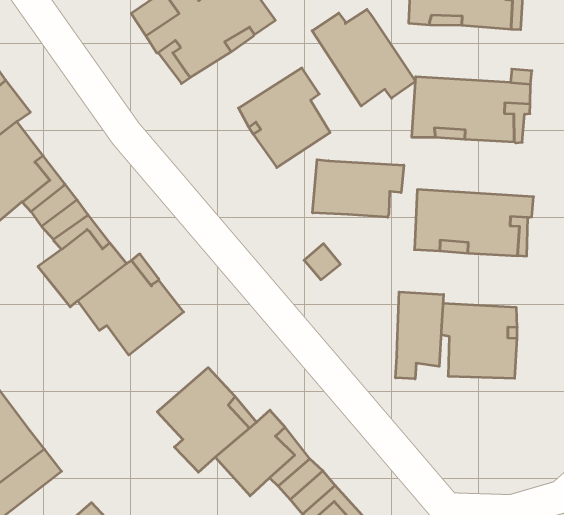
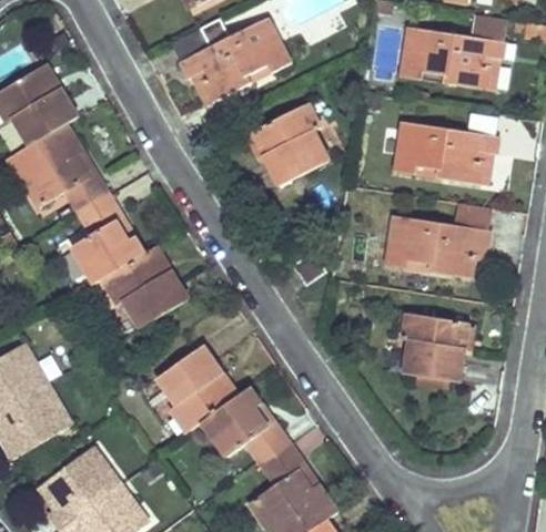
building: [312,9,415,106] -> none
building: [313,160,404,217] -> none
building: [396,292,444,379] -> none

